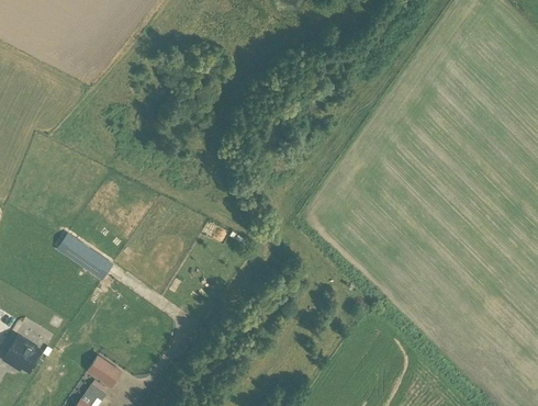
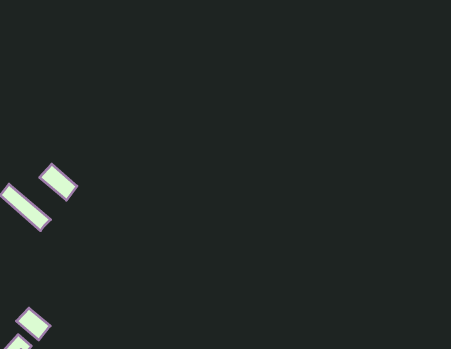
building: none -> [40,164,77,200]

